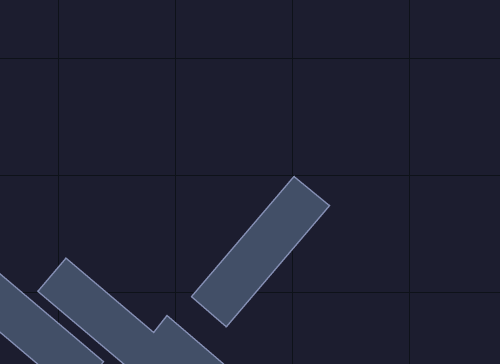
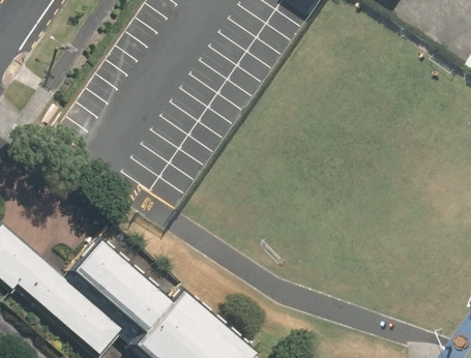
building: [192,176,330,327] -> none

